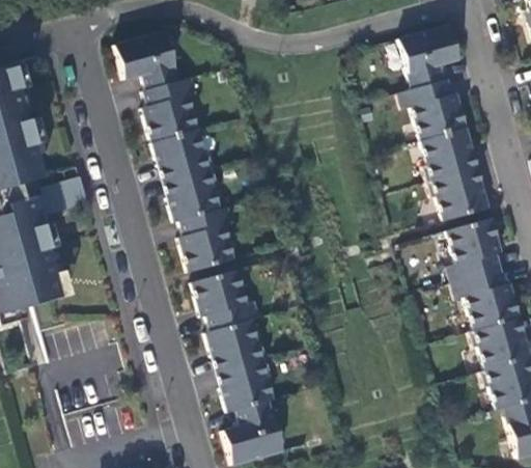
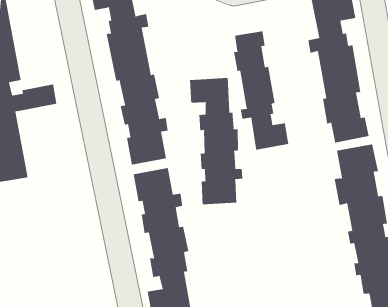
building: none -> [233,31,289,150]
building: none -> [190,77,243,205]

